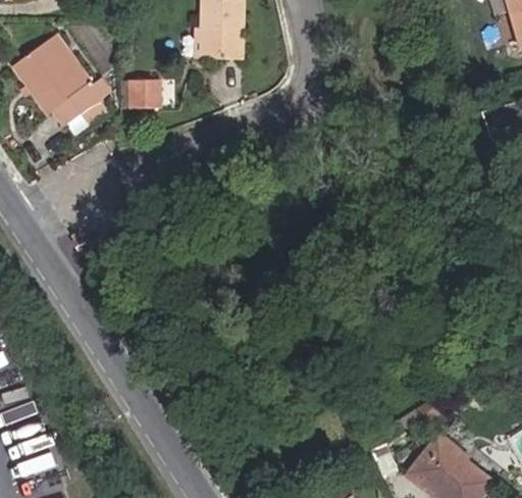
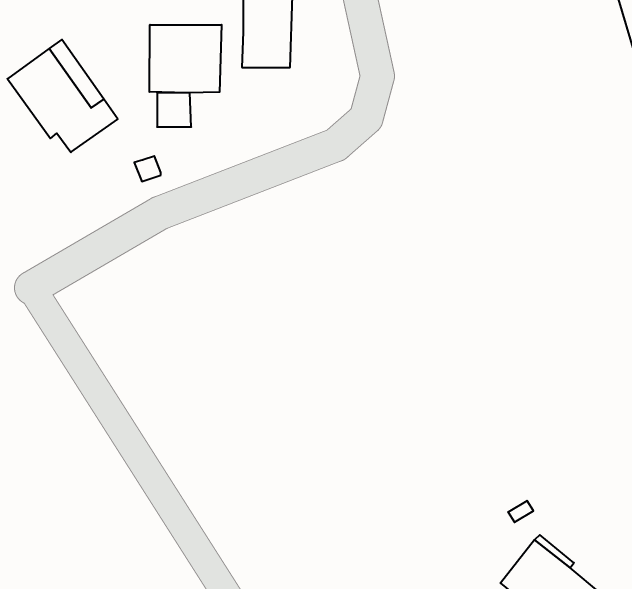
building: none -> [149,25,222,93]

